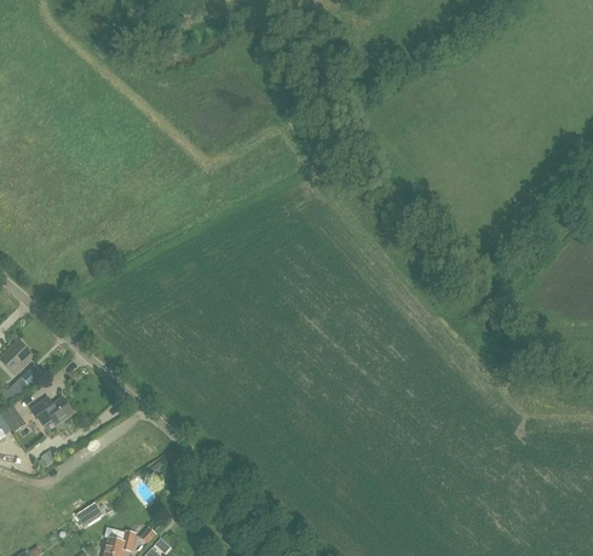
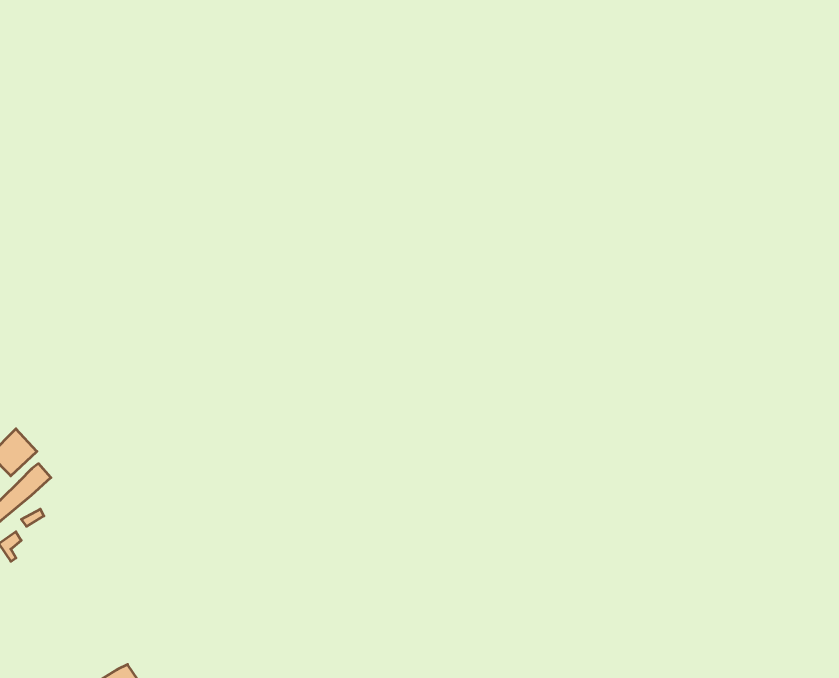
building: [33,396,74,423] -> none

